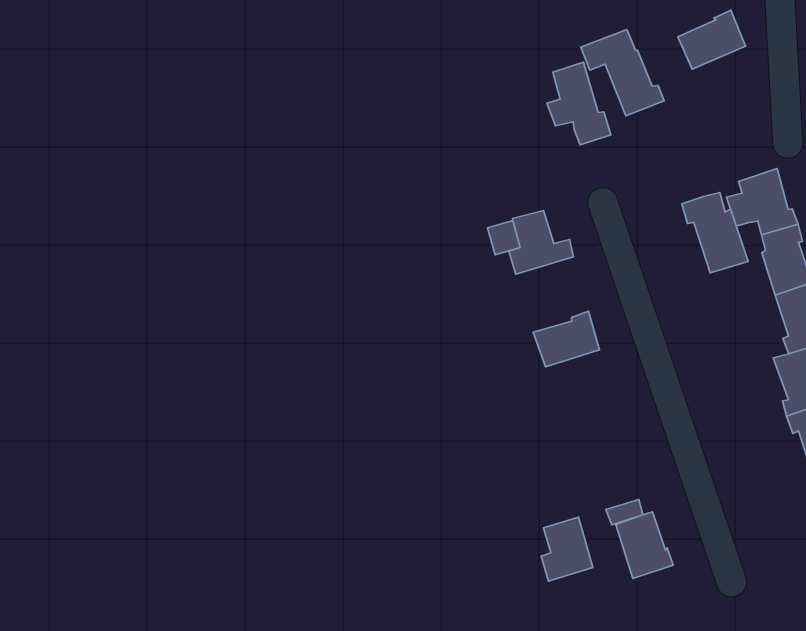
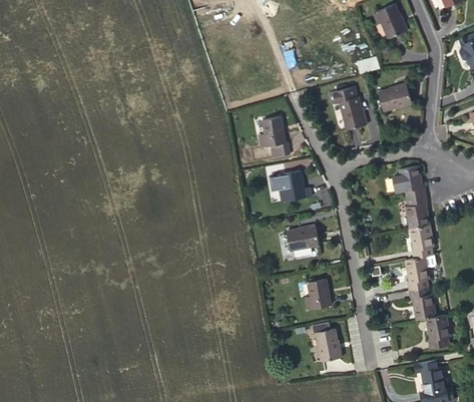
building: [547,62,611,145] -> [259,116,289,157]
building: [682,193,748,273] -> none
building: [541,517,593,581] -> [305,280,330,310]

